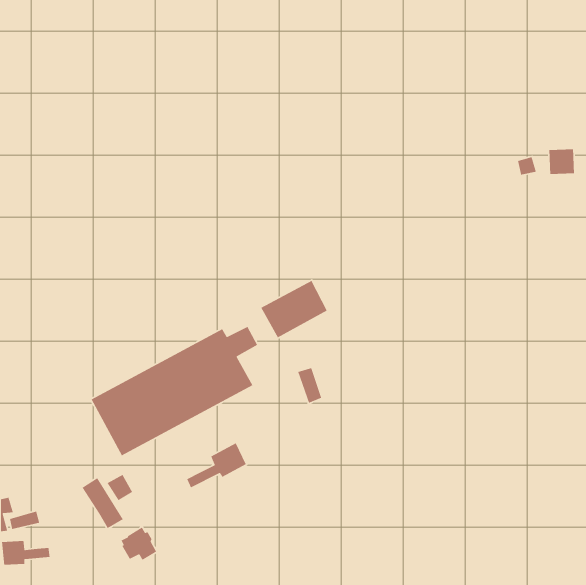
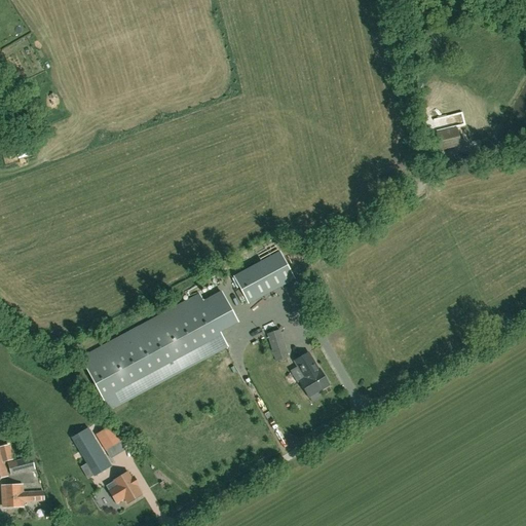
building: [548,148,575,175] -> [438,123,461,147]
building: none -> [294,352,329,397]
building: [186,442,247,488] -> none

